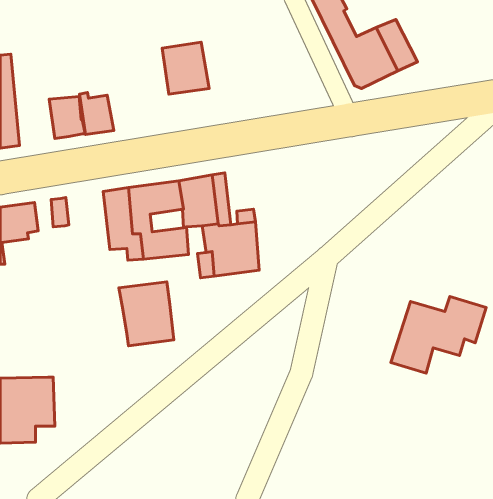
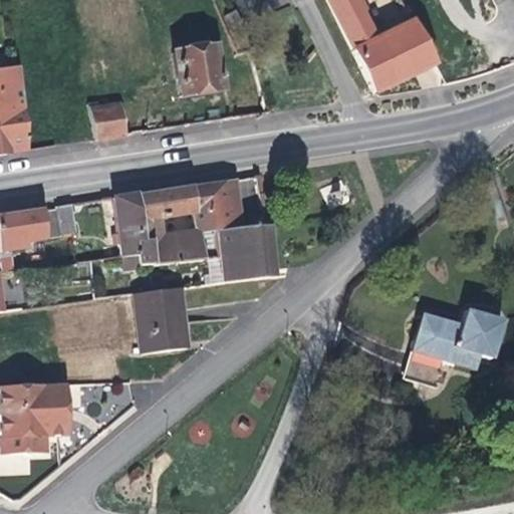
building: [49,96,85,138] -> none

